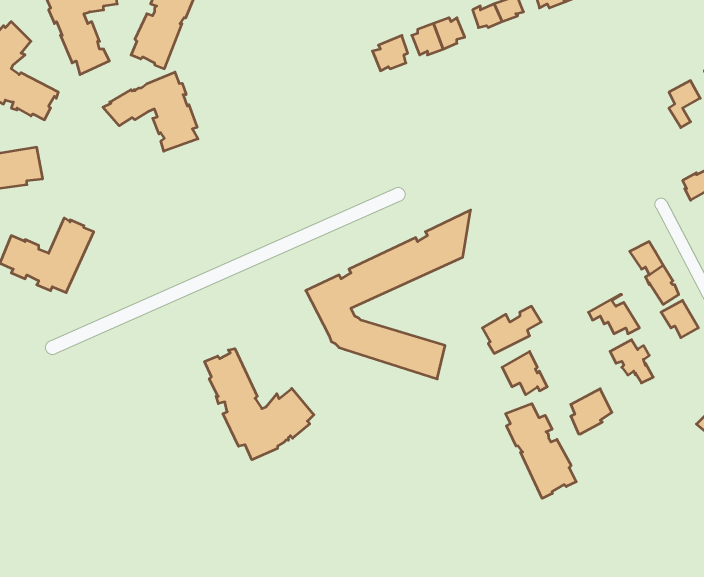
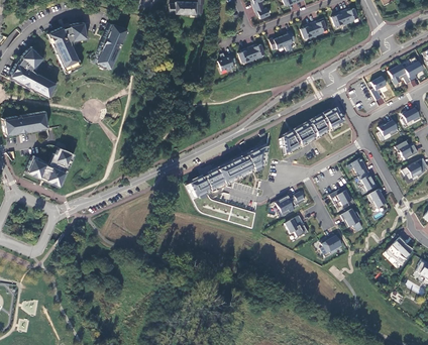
building: [103,72,198,151] -> none
building: none -> [282,107,344,156]
building: [205,349,314,460] -> none
building: [506,404,576,498] -> none

